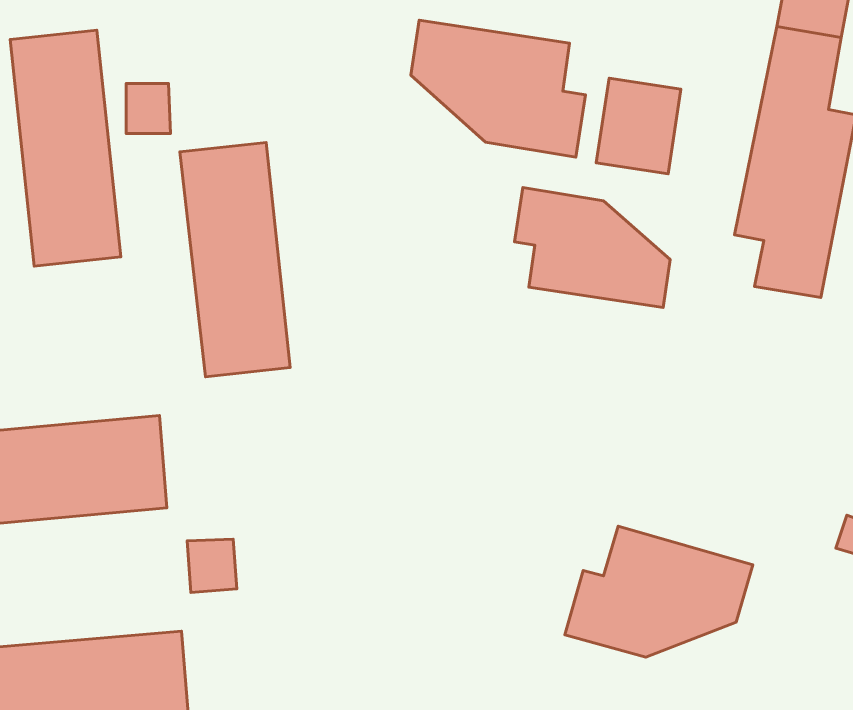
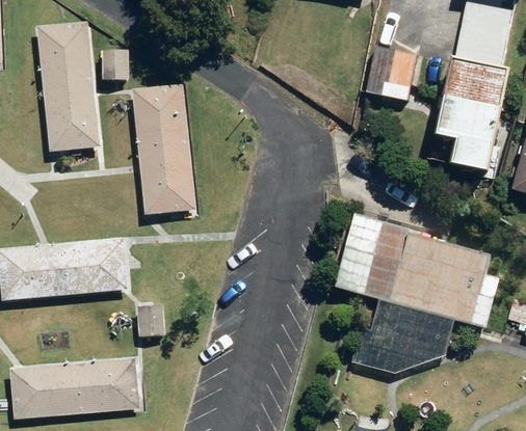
building: [411,20,585,157] -> none
building: [515,188,670,308] -> none
building: none -> [335,214,498,329]

